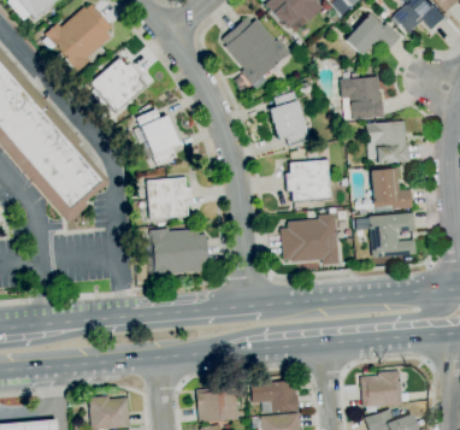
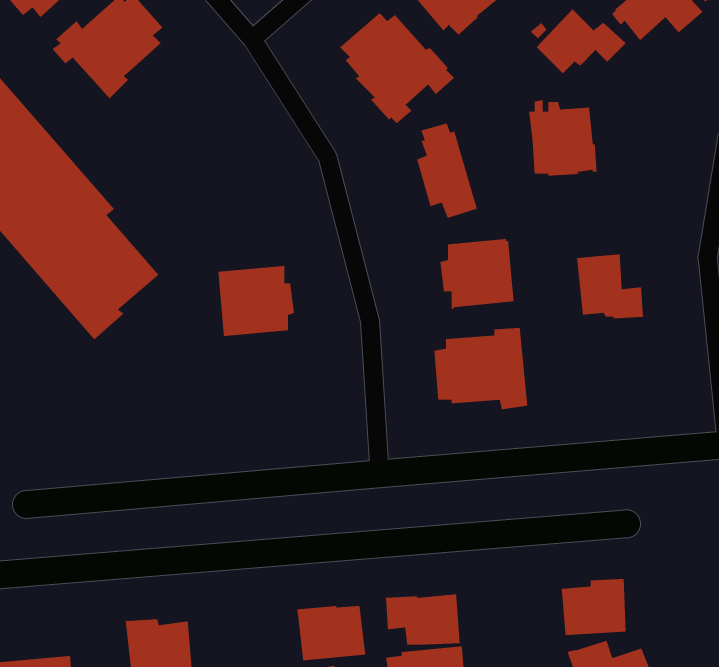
building: [89,57,146,114] -> none
building: [136,110,179,165] -> none
building: [366,122,411,166] -> none
building: [368,213,415,259] -> none
building: [146,229,210,282] -> none

